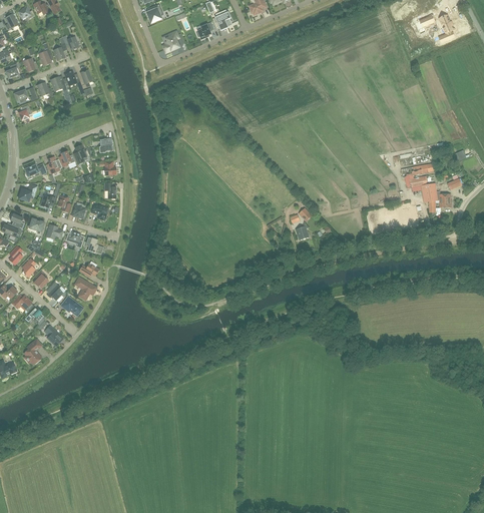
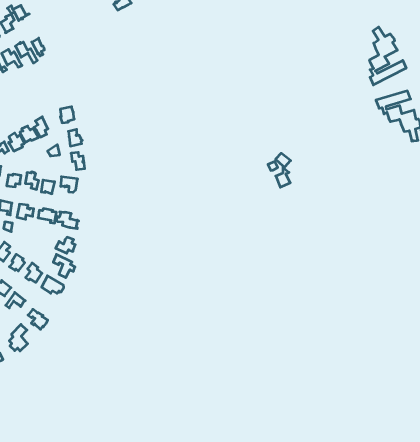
building: none -> [370,27,406,85]

